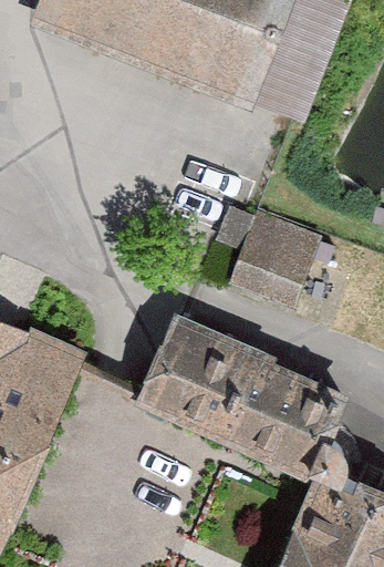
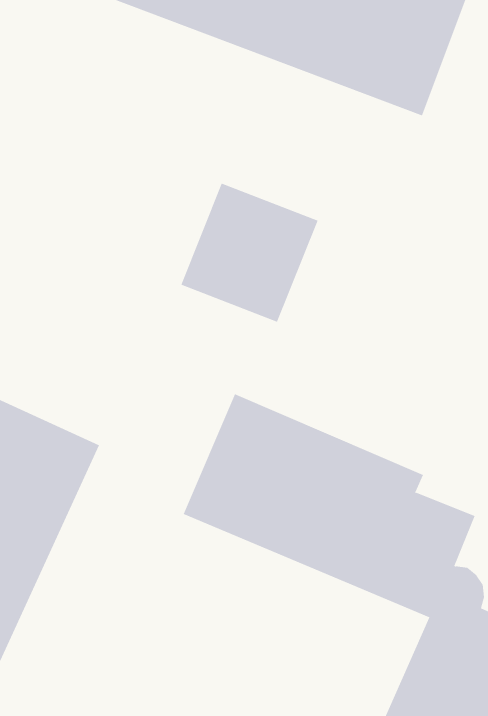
building: [225,221,322,320] -> [181,183,318,322]

